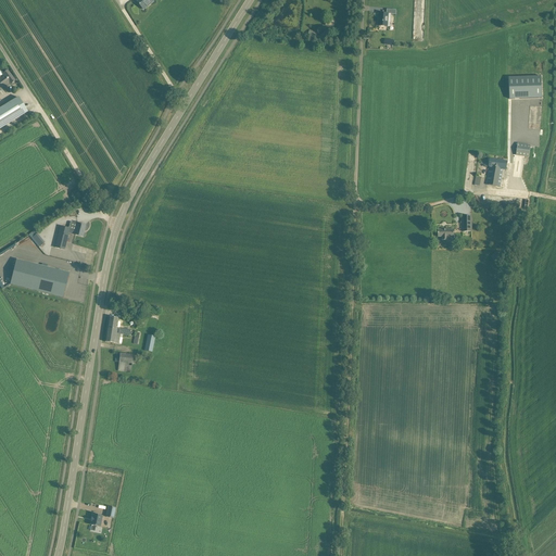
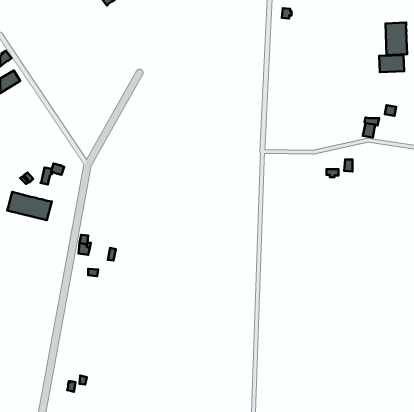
building: none -> [385,23,407,55]

